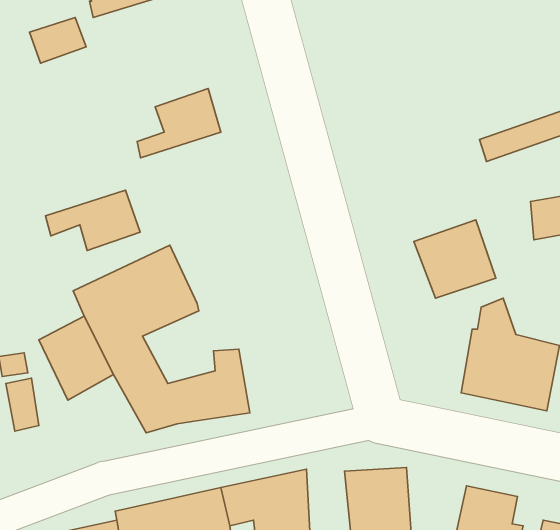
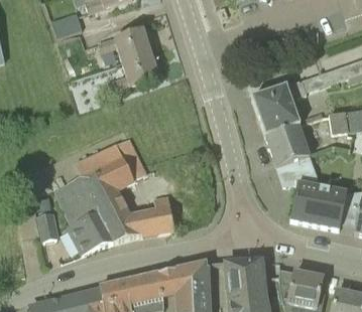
building: none -> [252,80,307,136]
building: [45,190,140,250] -> [99,28,151,61]
building: none -> [277,156,315,185]
building: none -> [68,209,117,254]

